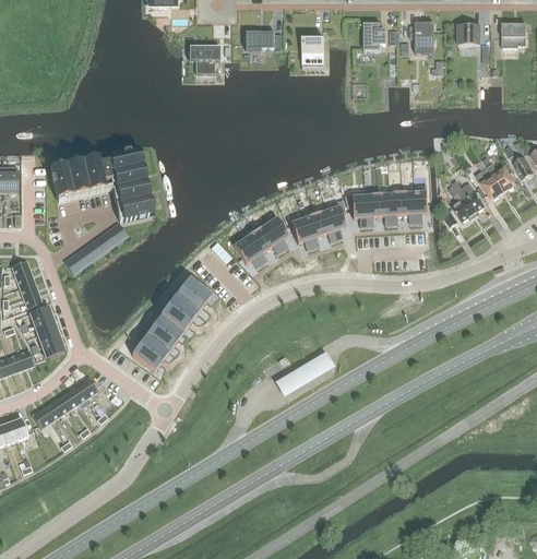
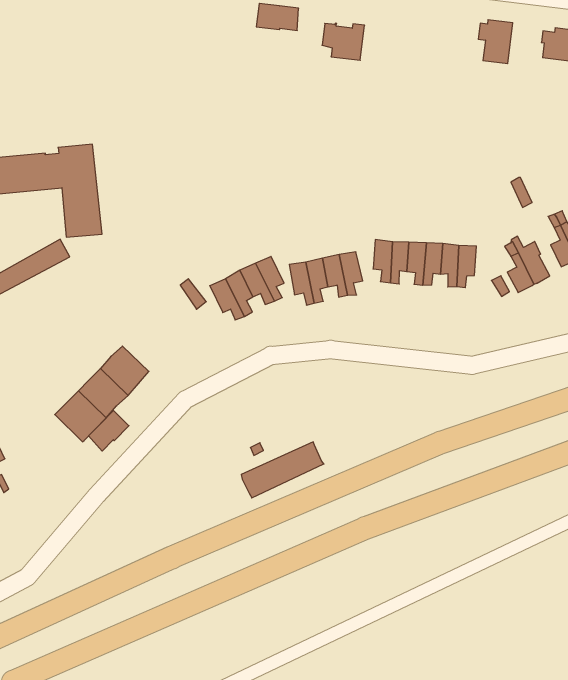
building: [363,22,385,49] -> none
building: [189,46,219,73] -> none
building: [175,272,212,312] -> none
building: none -> [89,411,129,451]

